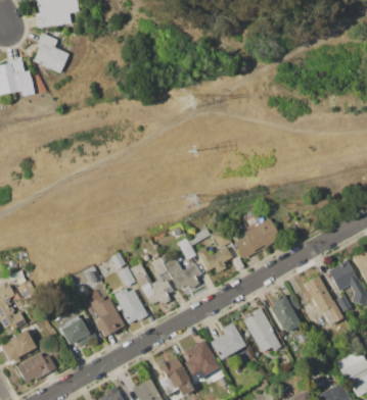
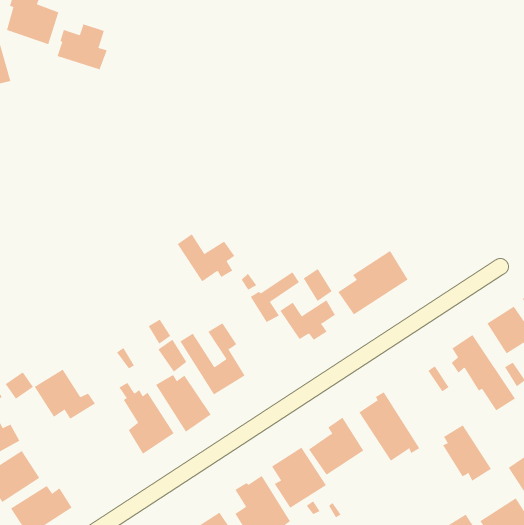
building: none -> [57,24,108,70]
building: [165,257,201,289] -> [177,233,235,282]
building: [270,295,301,332] -> [442,424,492,481]
building: [58,314,97,347] -> [34,369,96,420]

